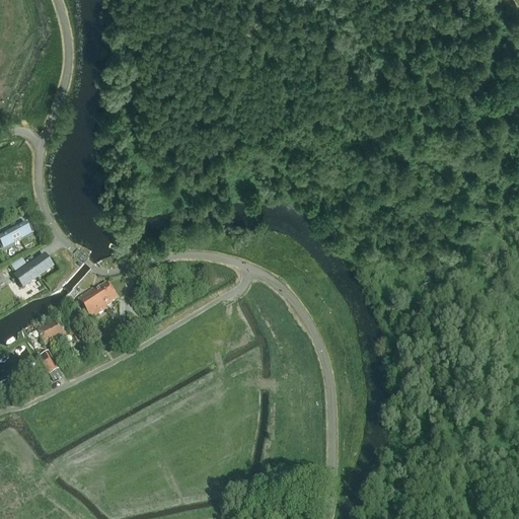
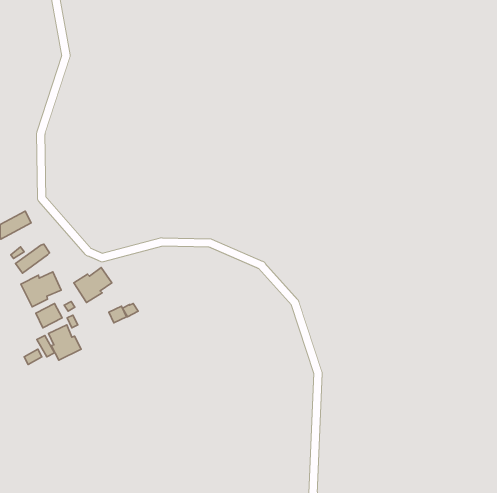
building: none -> [21,272,61,307]
building: none -> [49,325,81,360]

